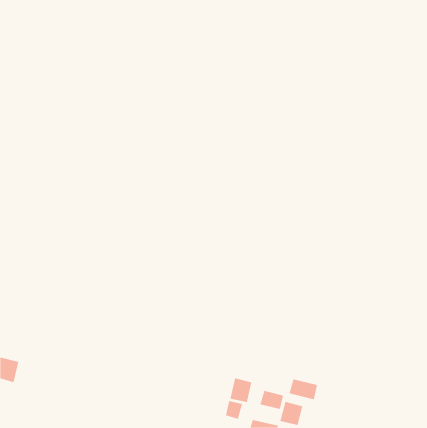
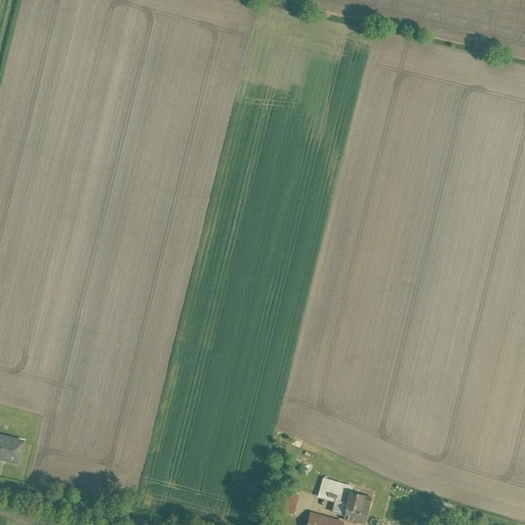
building: [230,377,252,403] -> none
building: [289,379,318,400] -> none

